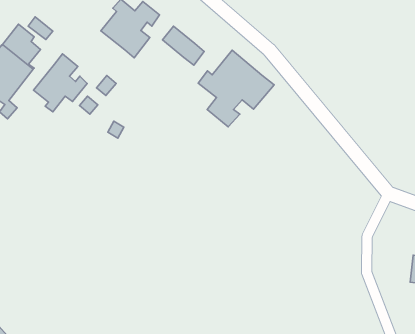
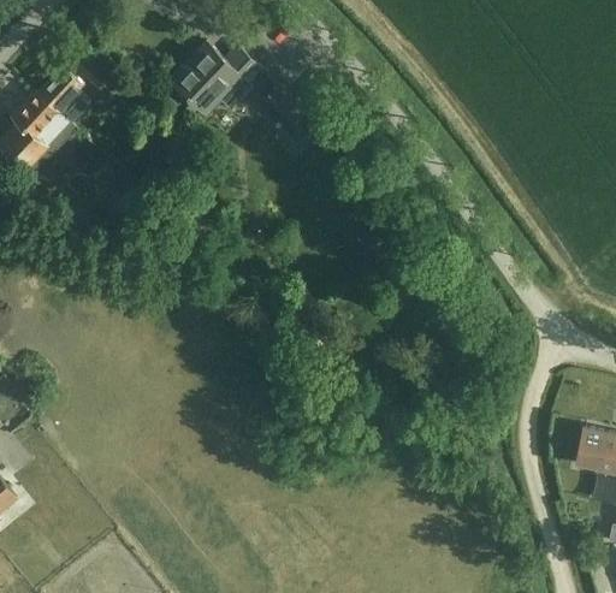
building: [198,50,274,127] -> none
building: [33,54,87,112] -> none

